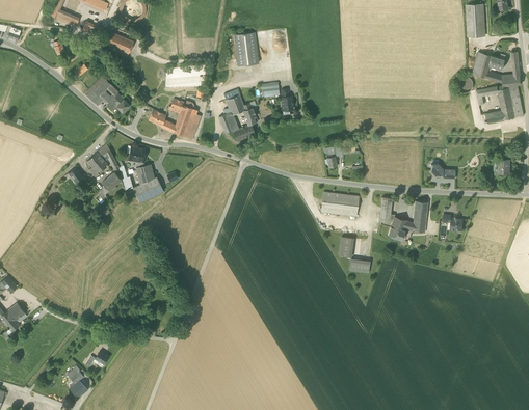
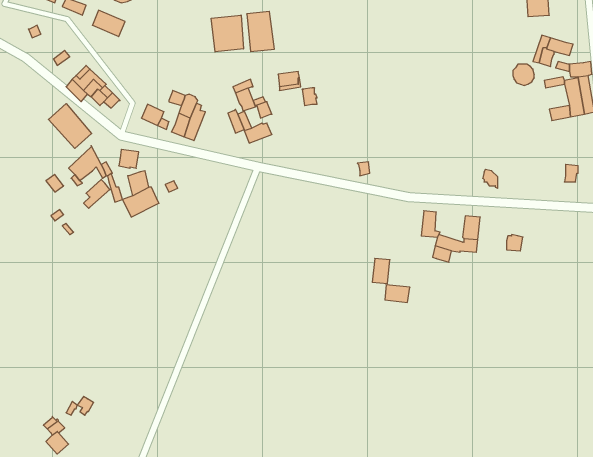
building: none -> [211,15,243,52]
building: none -> [48,104,92,148]
building: [321,192,360,217] -> none

